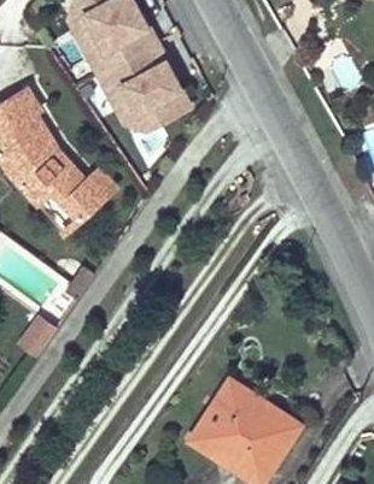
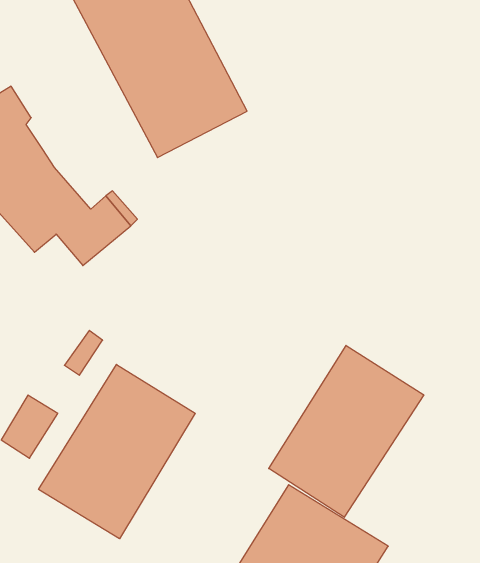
building: none -> [269,345,424,517]
building: none -> [39,364,195,539]

